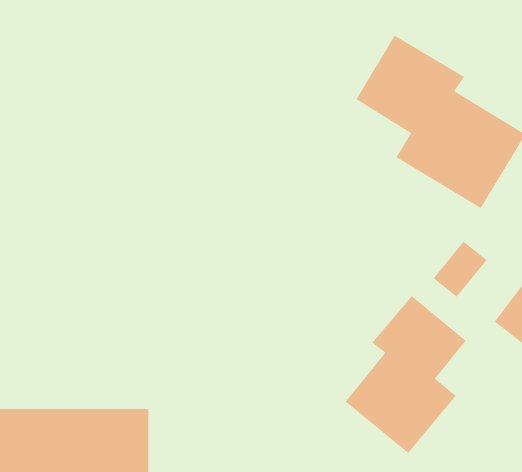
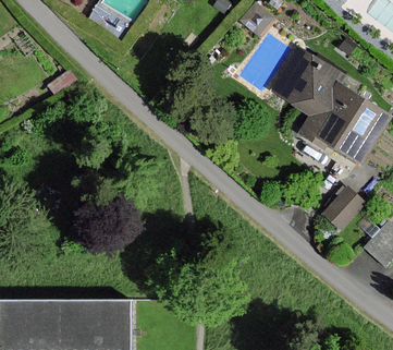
building: [345,295,466,454] -> none

